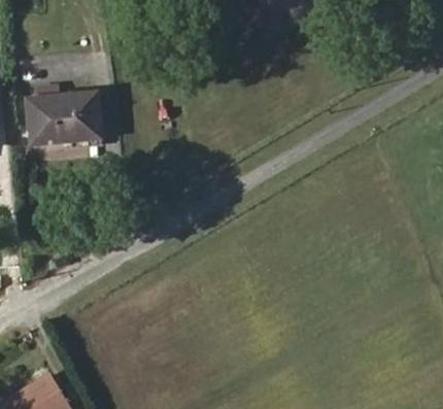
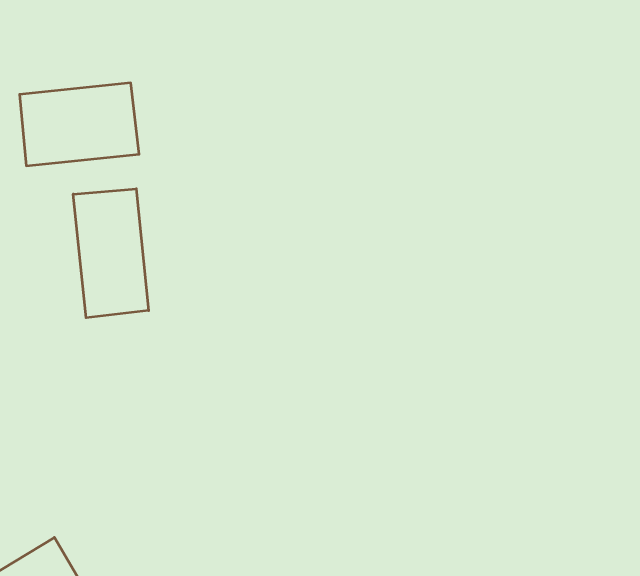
building: none -> [73,189,149,318]

